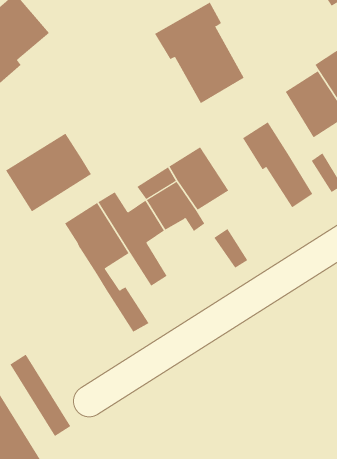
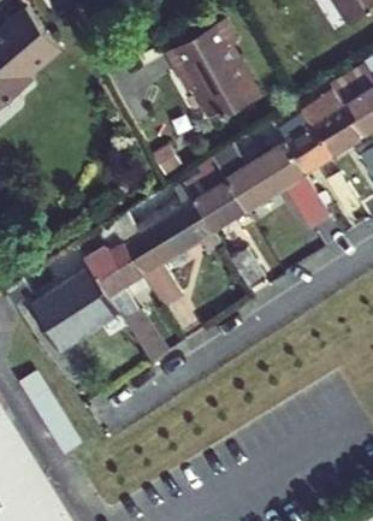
building: none -> [273,112,328,174]
building: none -> [209,148,277,212]
building: [5,133,92,212] -> [30,271,118,351]

